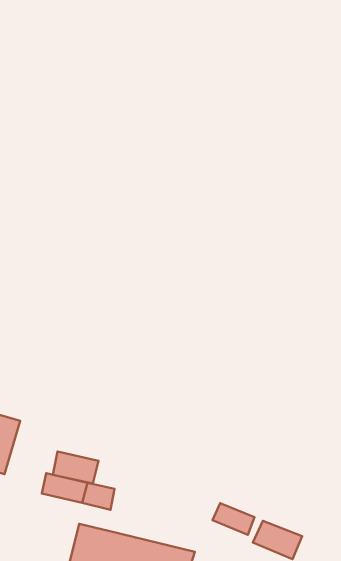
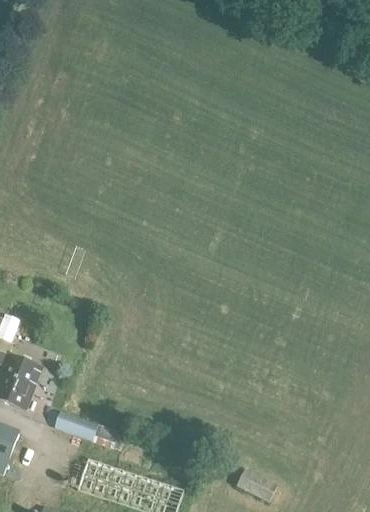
building: [53,451,98,484] -> none
building: [213,503,254,535] -> none

